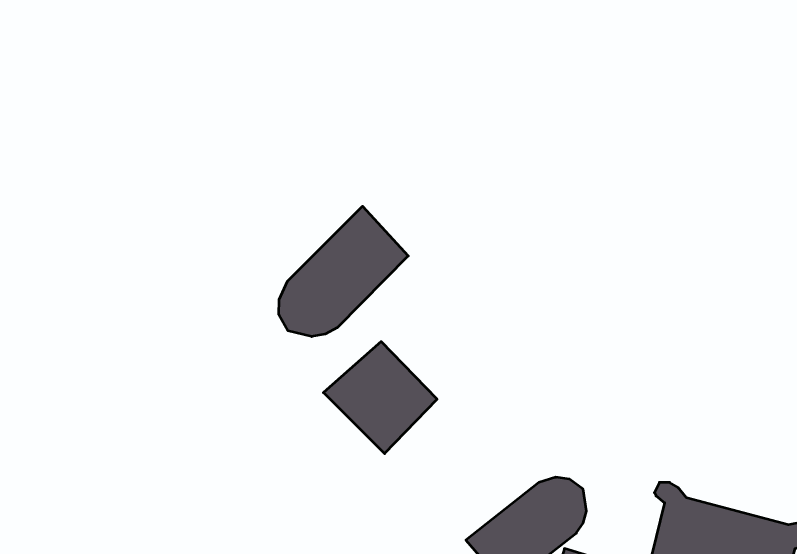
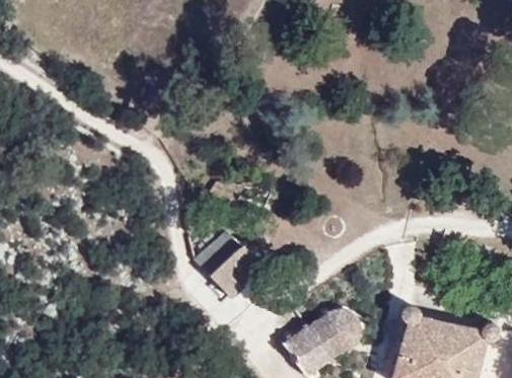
building: [279,206,408,337] -> none

